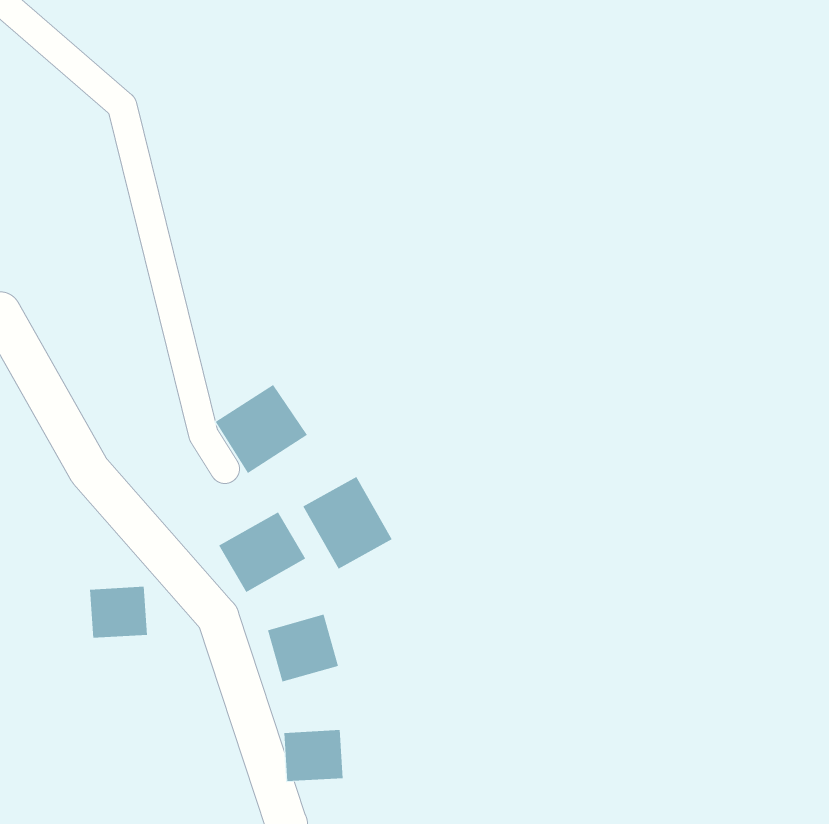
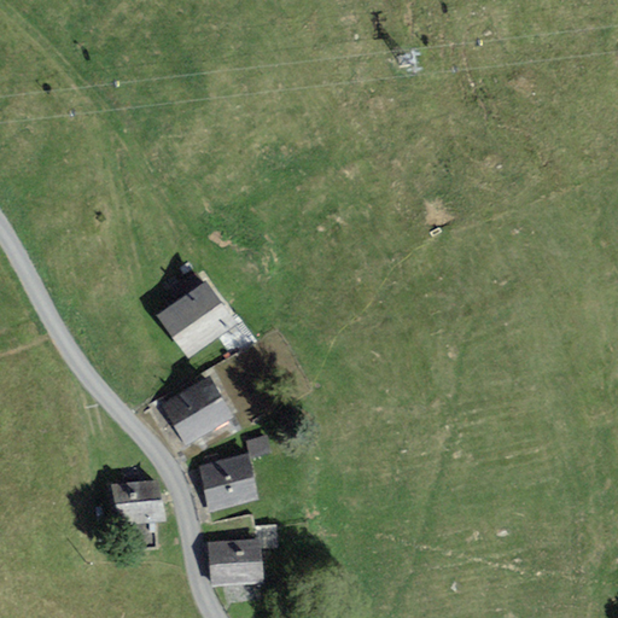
building: [302,476,392,569] -> none
building: [89,586,148,638] -> [115,480,158,519]

